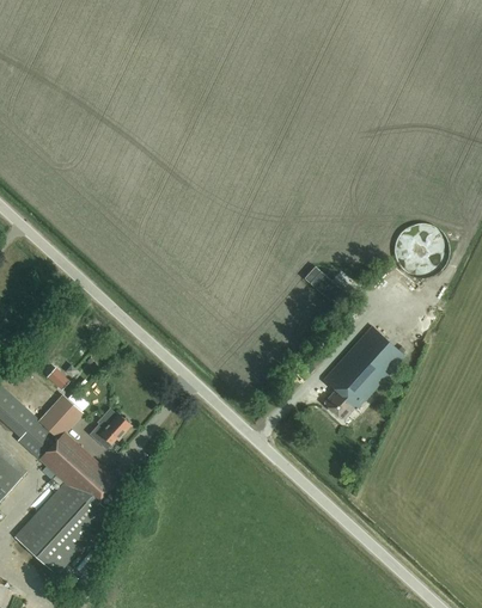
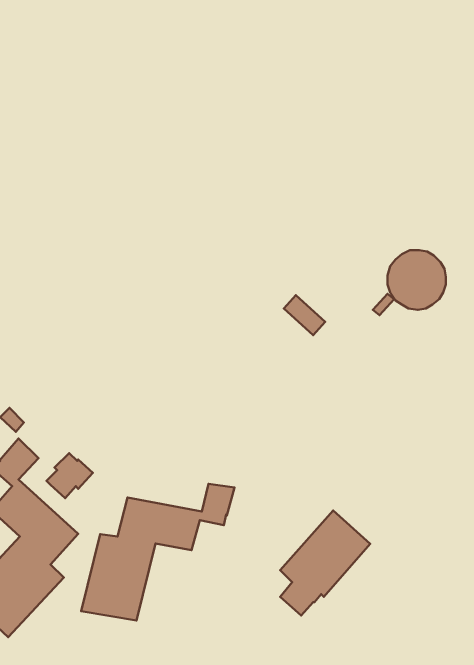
building: [323,326,404,420] -> [280,511,370,615]
building: none -> [81,484,235,621]

